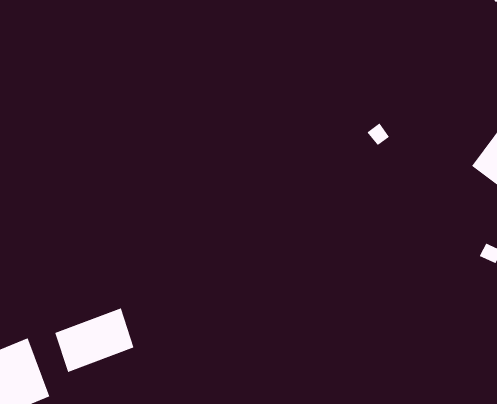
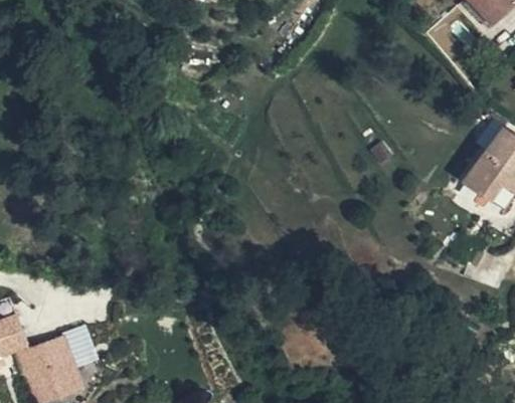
building: [55,307,134,373] -> none

